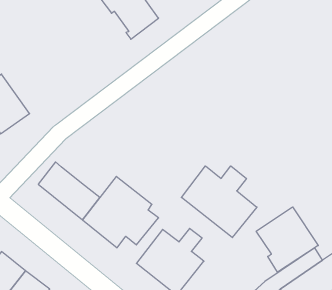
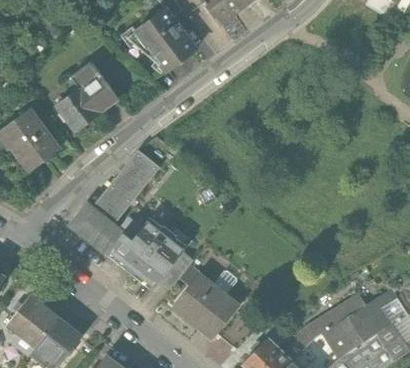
building: none -> [57,63,118,131]
building: none -> [93,150,160,222]
building: [181,166,257,238] -> none
building: [256,207,318,272] -> none

